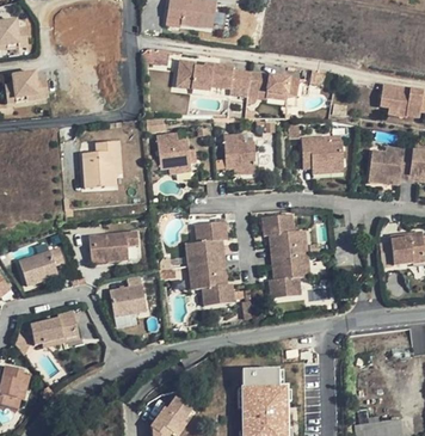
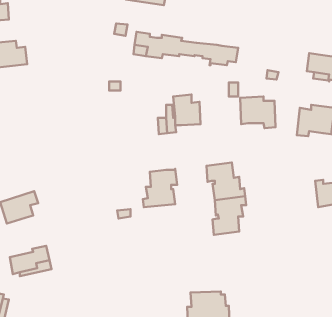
building: [156,131,191,168] -> none
building: [84,141,121,188] -> none
building: [90,231,138,262] -> none
building: [189,262,235,305] -> none
building: [110,275,147,317] -> none

